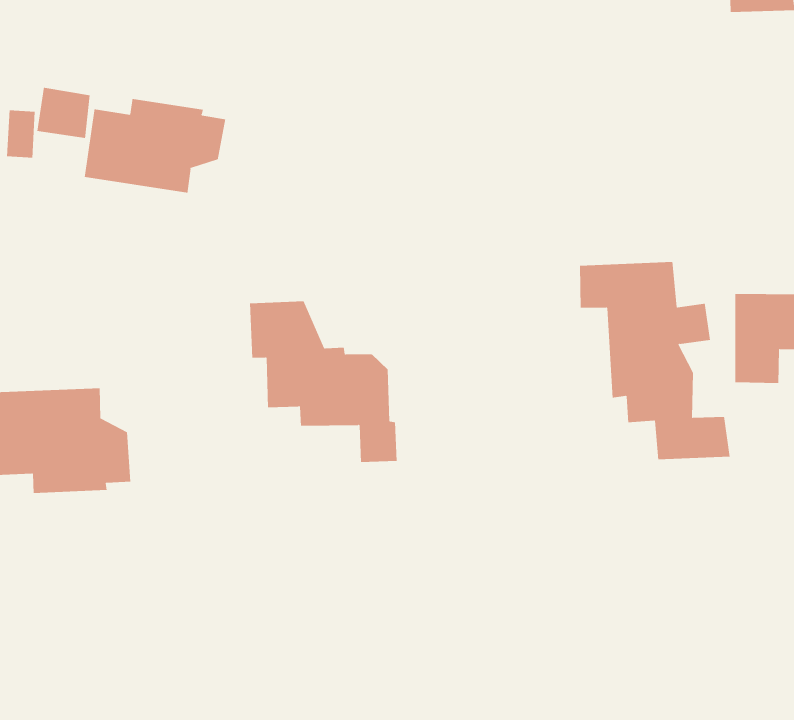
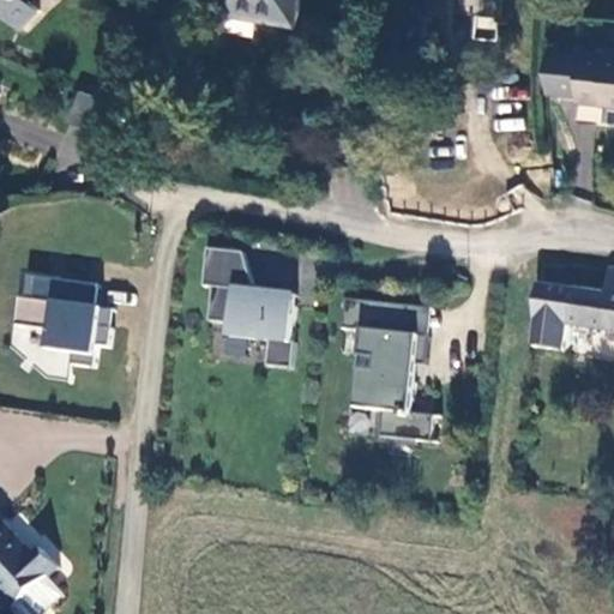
building: [84,98,226,193] -> none
building: [579,261,730,460] -> [342,295,429,438]

